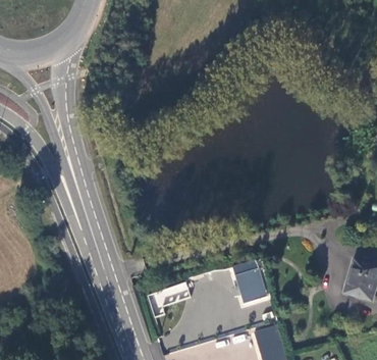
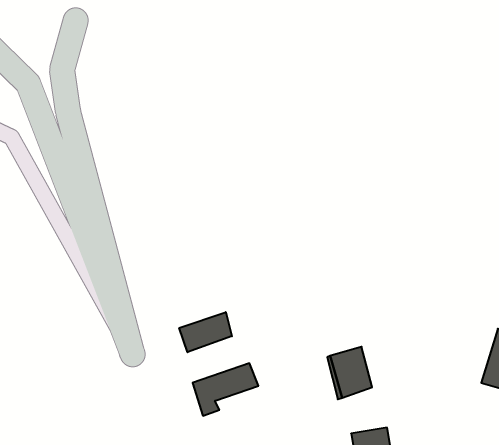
building: none -> [179,312,232,352]

